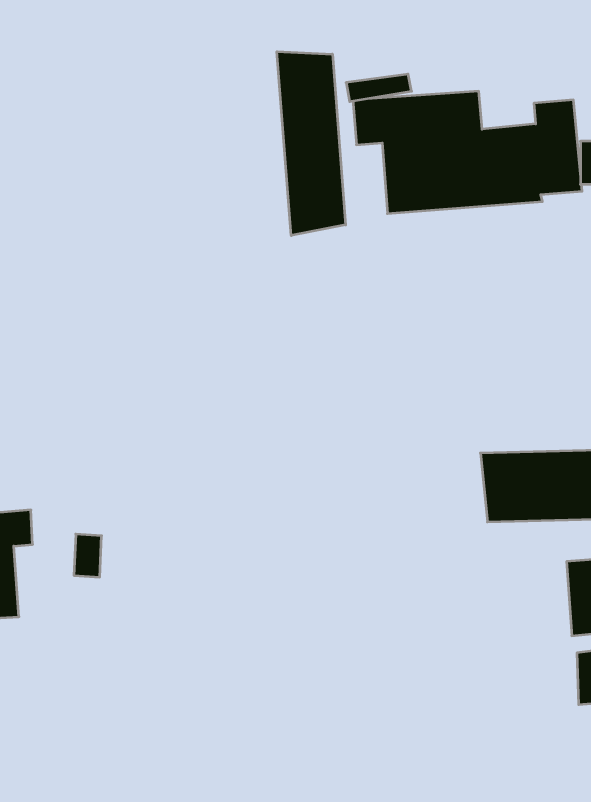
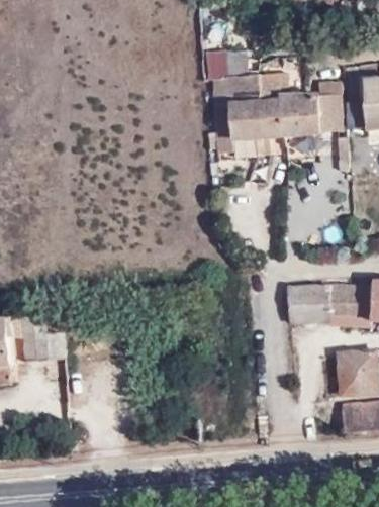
building: [277,52,346,236] -> none

